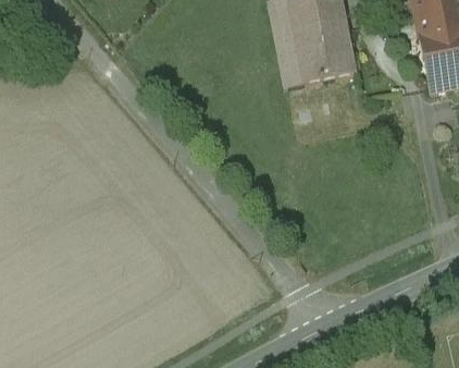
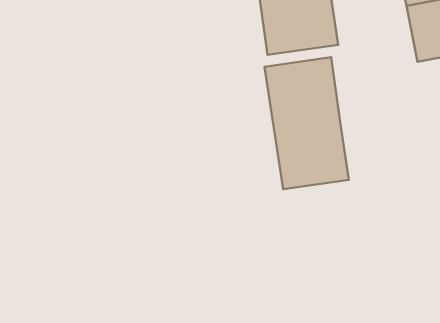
building: none -> [264,57,349,189]

